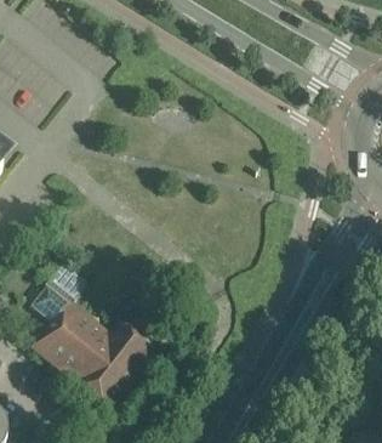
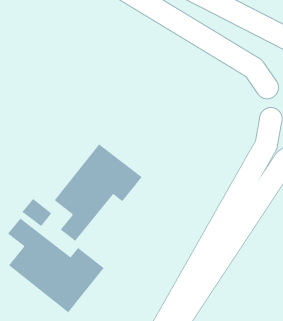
building: none -> [54,143,142,243]

